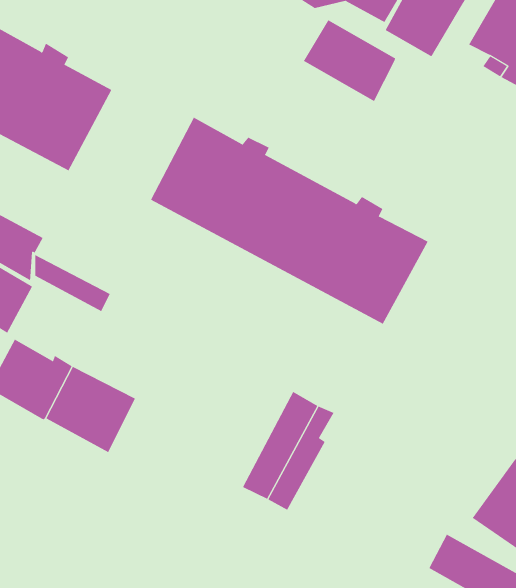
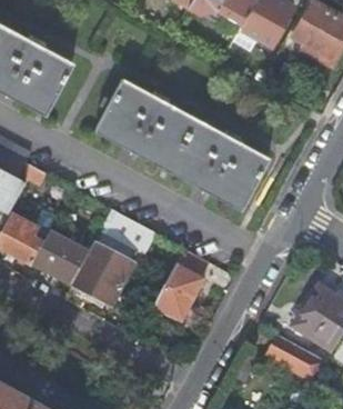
building: [303,20,396,102] -> none
building: none -> [99,208,154,253]
building: none -> [62,242,132,307]

